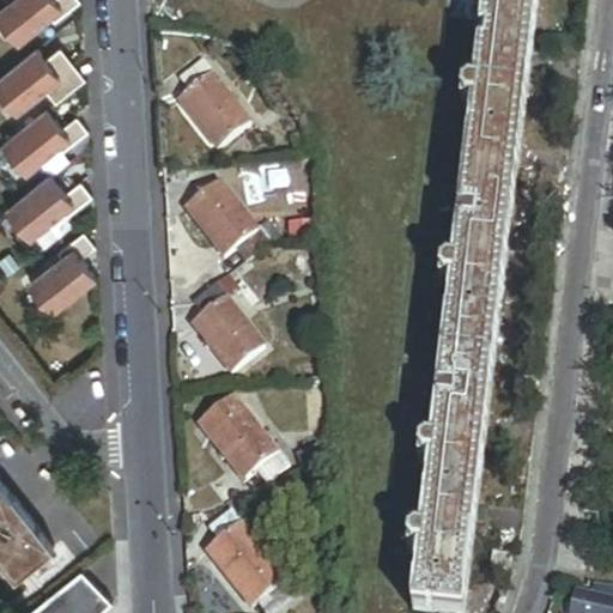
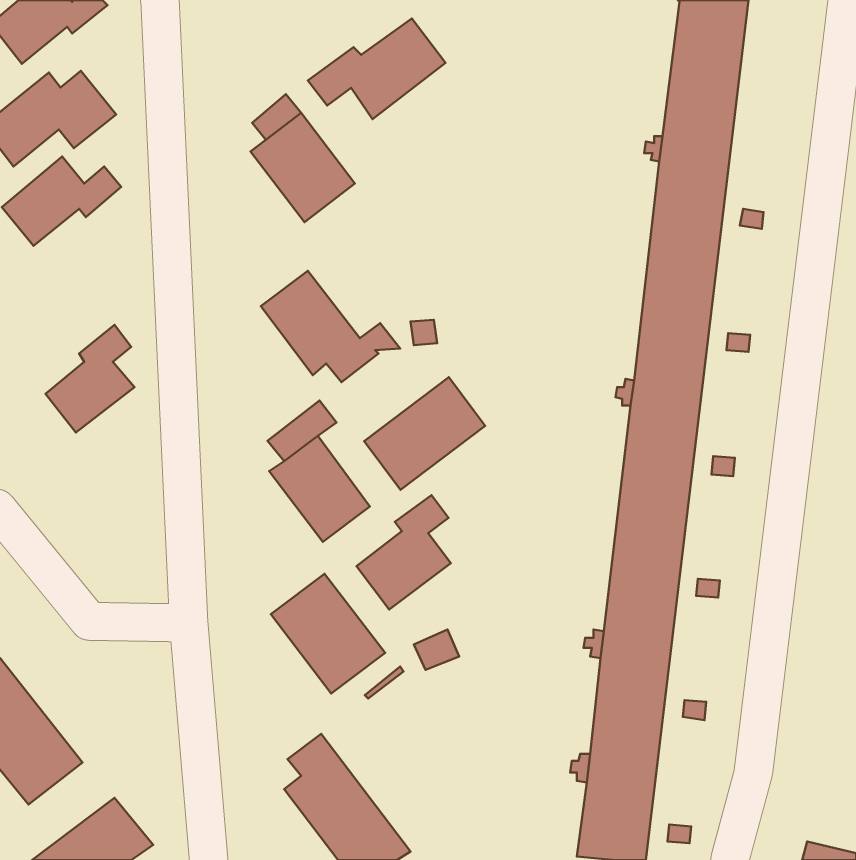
building: none -> [308,18,445,119]
building: [6,175,90,238] -> none
building: none -> [364,377,485,490]
building: none -> [356,495,451,609]

